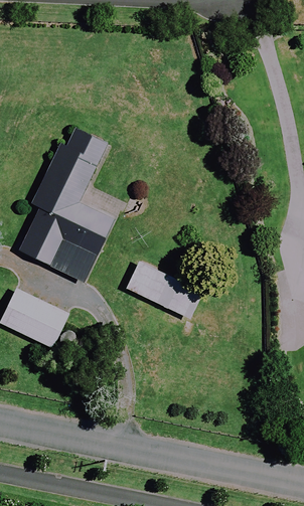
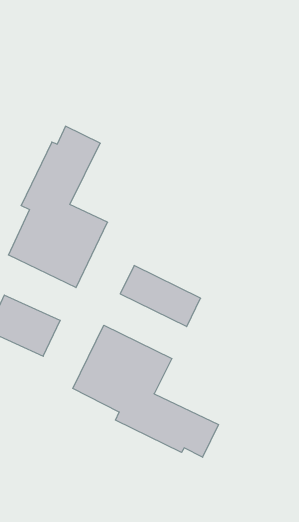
building: none -> [73,325,219,457]

